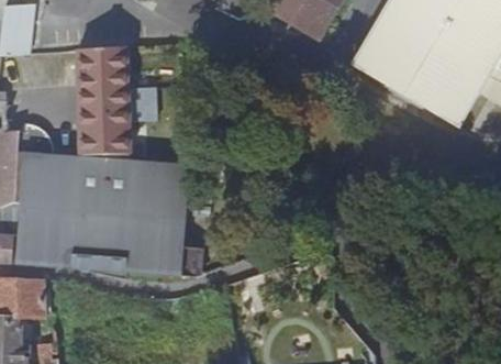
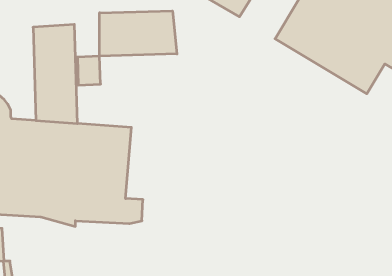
building: none -> [100,11,177,56]

